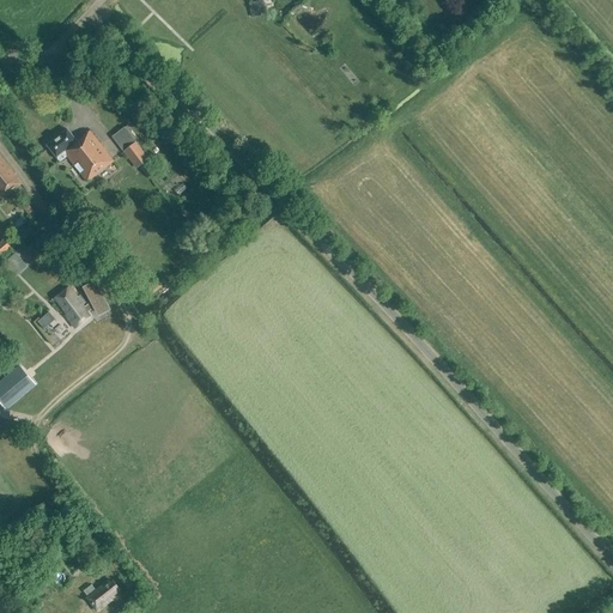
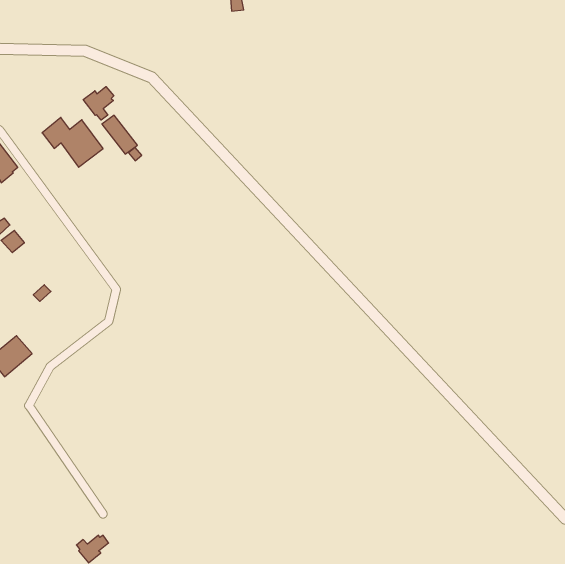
building: none -> [83,87,114,120]
building: [51,279,109,328] -> none

